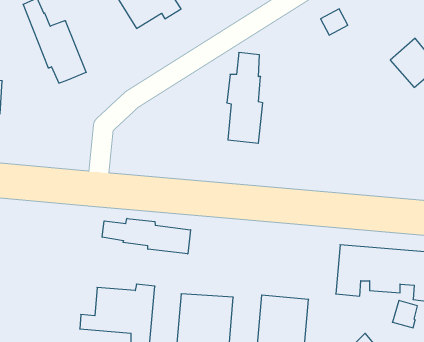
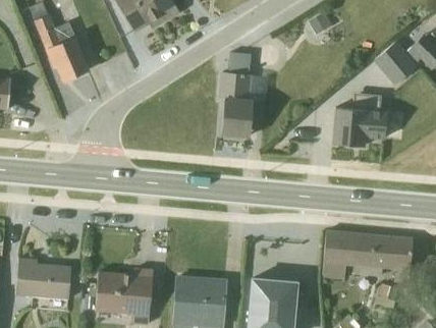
building: none -> [333,94,386,146]
building: [102,218,191,254] -> none
building: none -> [16,258,71,311]

